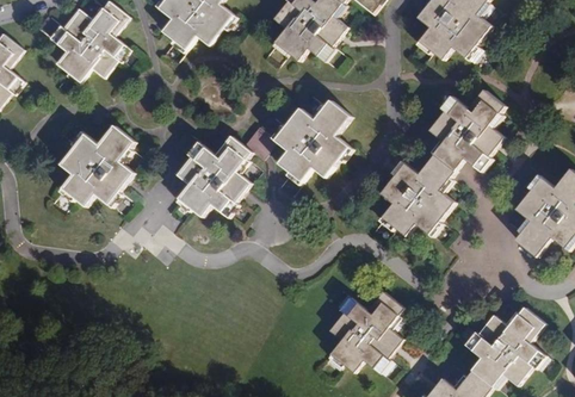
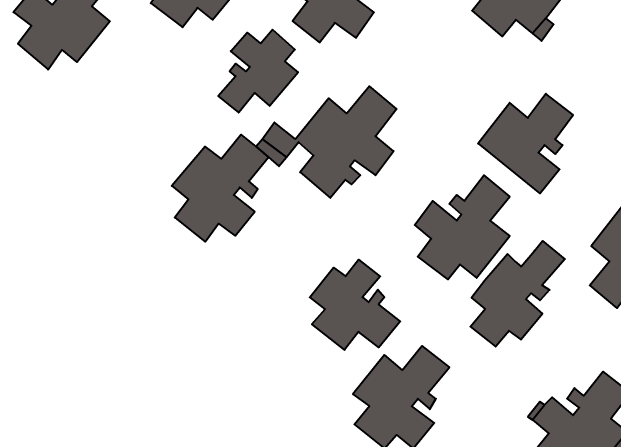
building: none -> [218,30,298,113]
building: [61,122,137,206] -> none
building: none -> [470,241,565,347]
building: none -> [310,260,400,350]

